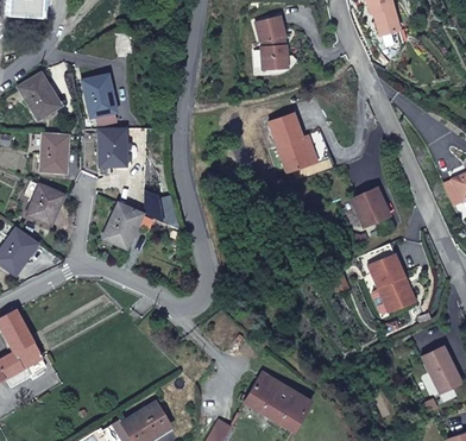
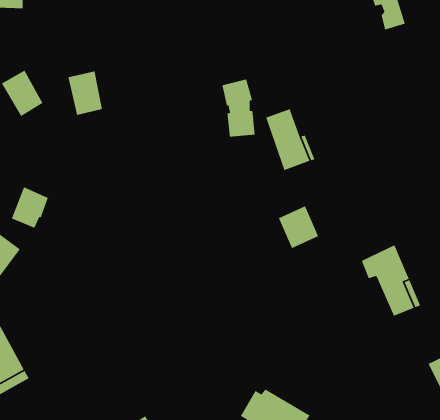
building: [256,13,288,69] -> [222,79,256,138]
building: [97,128,126,166] -> none
building: [39,133,68,174] -> none
building: [348,185,388,227] -> [278,205,319,249]
building: [102,203,141,247] -> none

